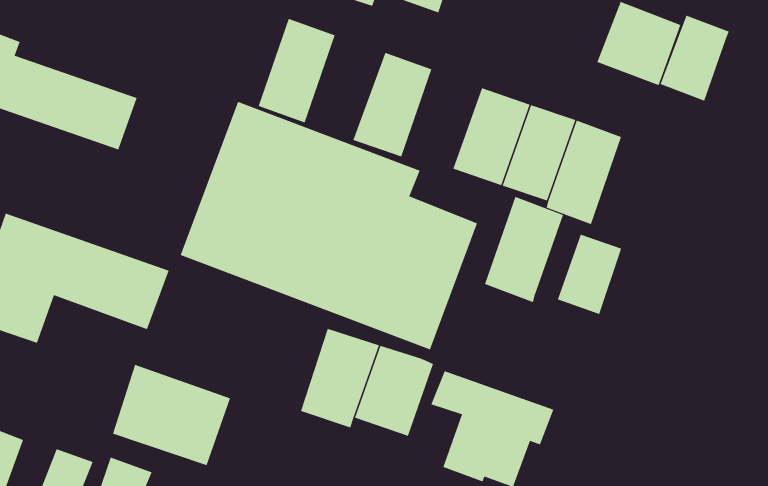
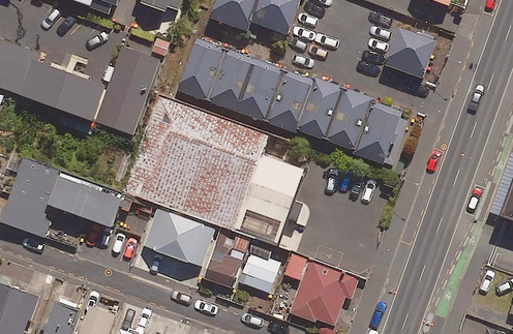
building: [660,15,729,101] -> none
building: none -> [94,47,157,134]
building: none -> [206,49,254,113]
building: [484,196,564,303] -> [265,69,313,134]
building: [557,234,622,315] -> none
building: [112,364,231,466] -> [142,205,214,267]

